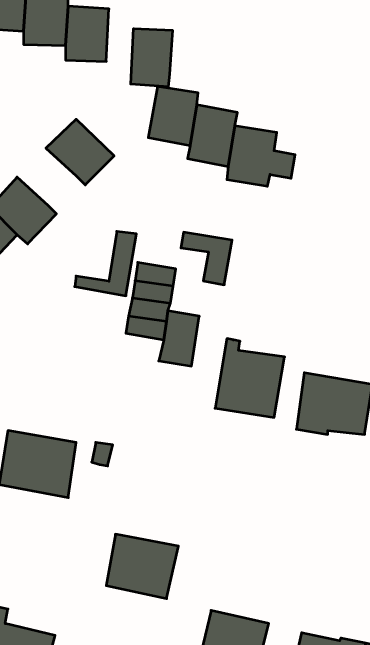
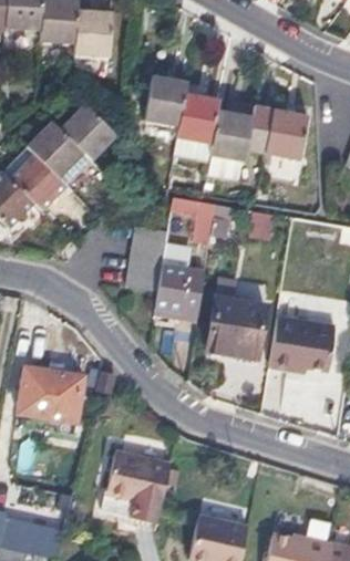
building: [131,29,172,87] -> none
building: none -> [253,105,309,158]
building: none -> [29,121,85,176]
building: [75,231,136,296] -> [154,269,206,323]

